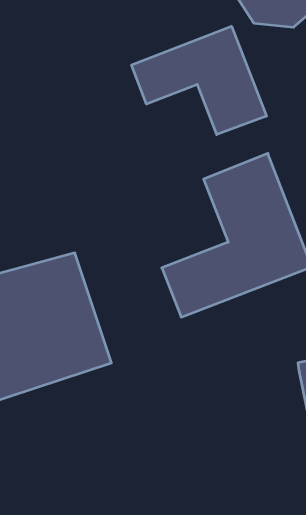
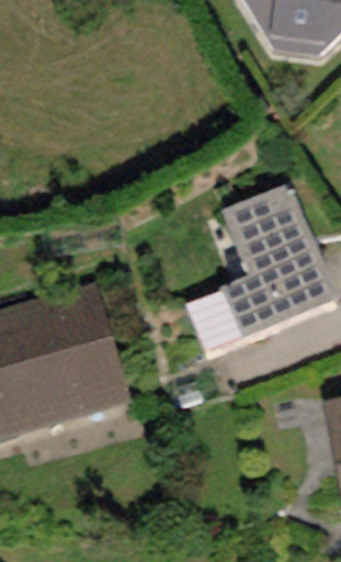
building: [132,26,266,135] -> none

